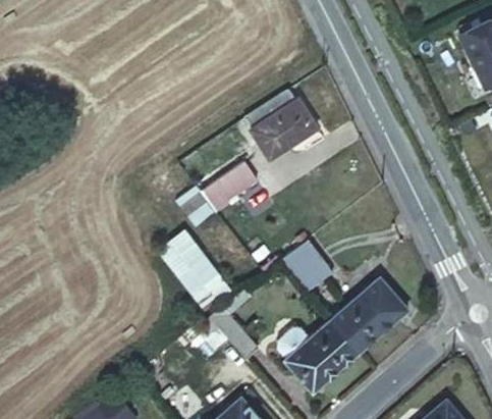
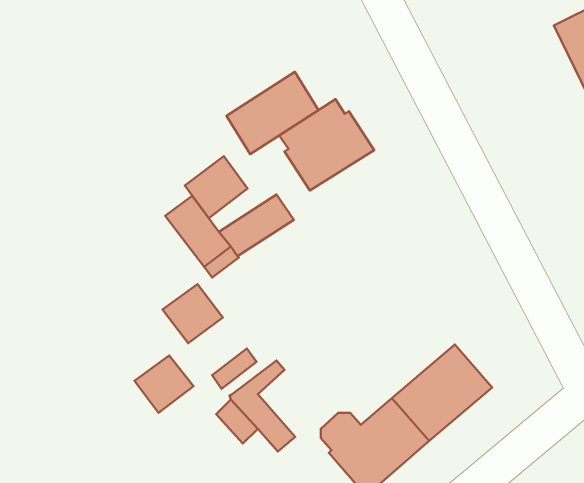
building: none -> [226,72,319,154]
building: none -> [185,156,247,218]
building: [282,243,332,293] -> none
building: [177,257,222,301] -> [134,355,193,413]

